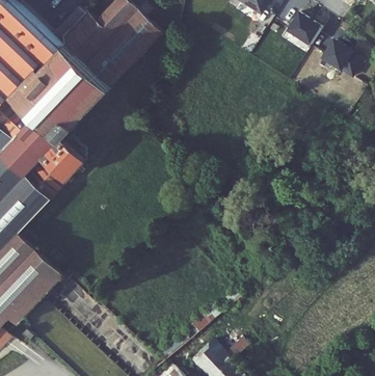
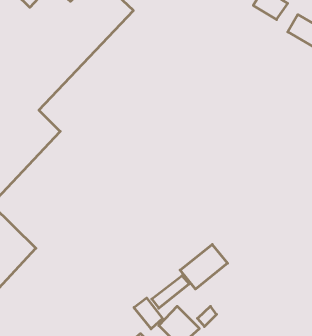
building: none -> [180,244,228,289]
building: none -> [134,298,163,329]

